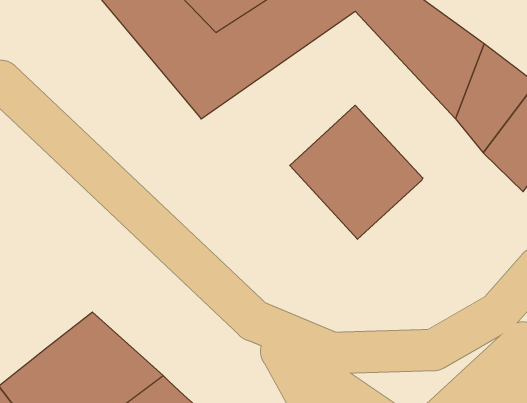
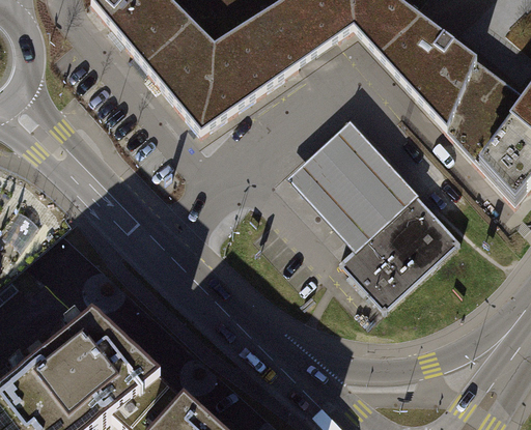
building: none -> [339,191,462,310]

